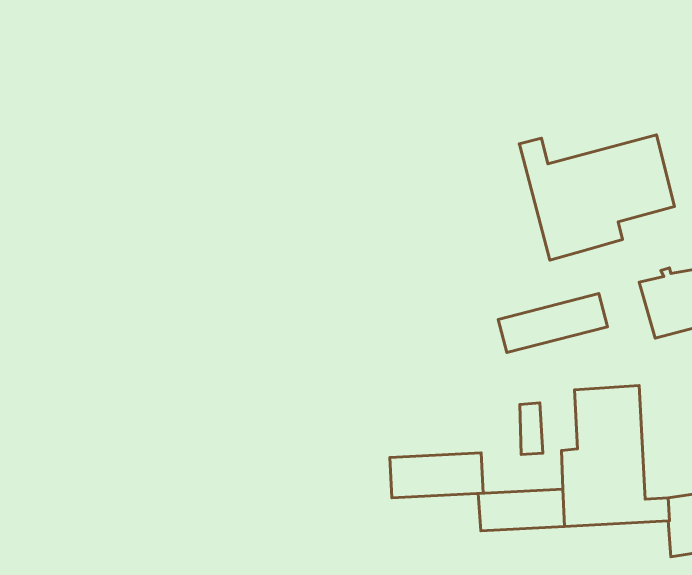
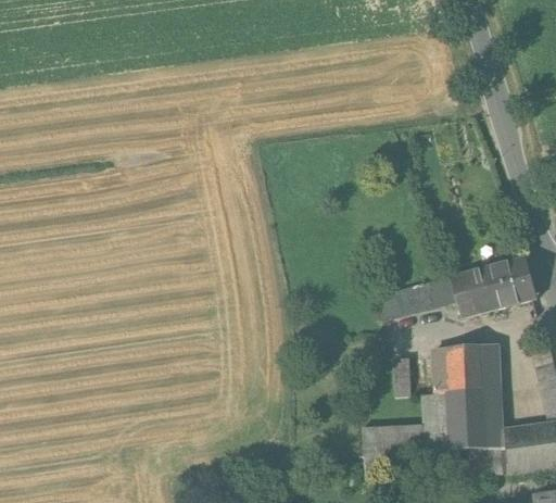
building: [519,135,675,260] -> none
building: none -> [466,264,508,315]
building: [390,453,483,498] -> none

